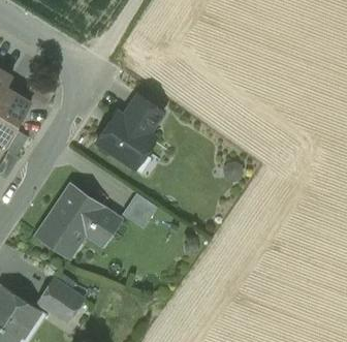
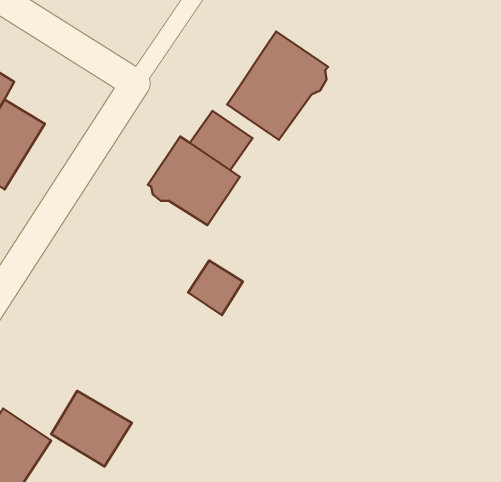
building: none -> [227,32,328,140]
building: [35,184,121,258] -> none

